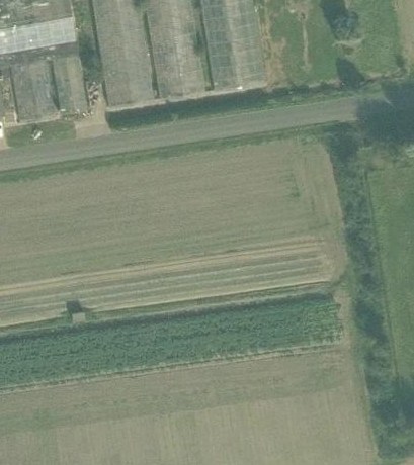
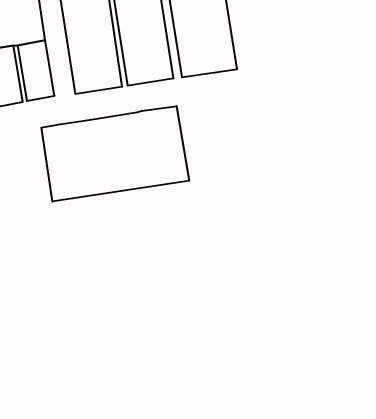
building: none -> [41,106,189,202]

